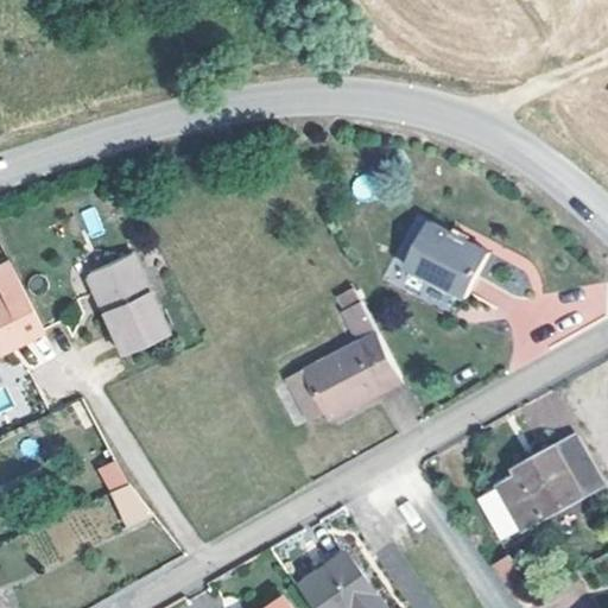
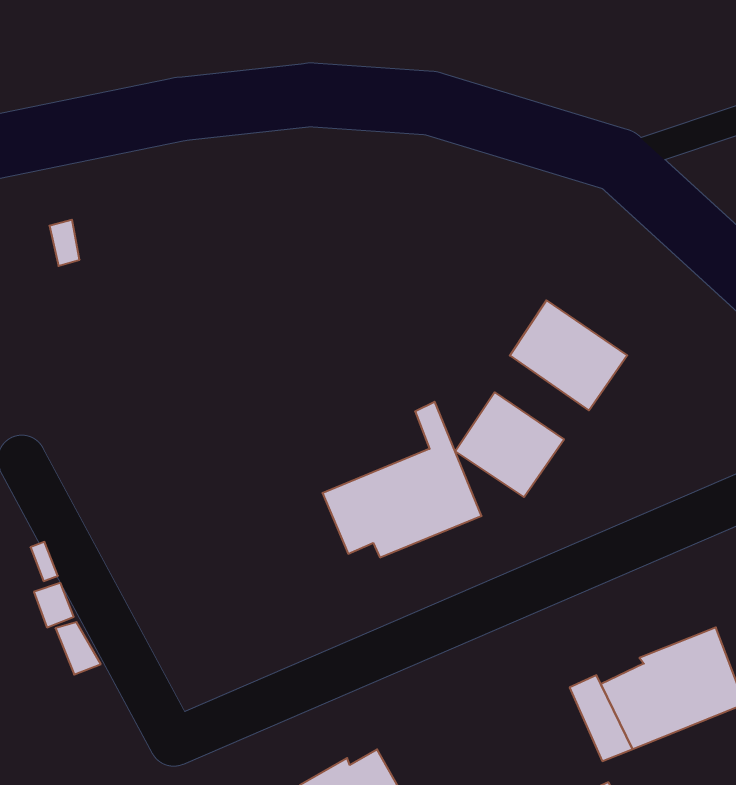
building: [78,251,160,348] -> none
building: none -> [455,392,564,497]

